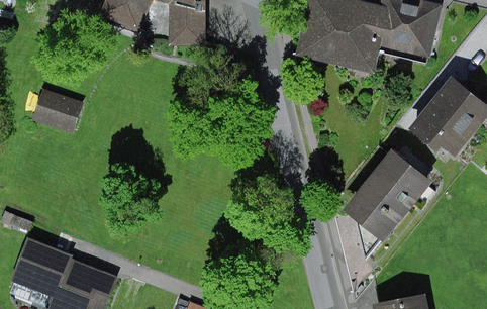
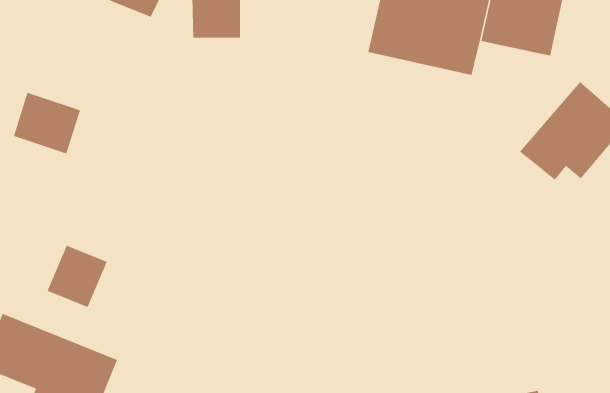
building: [348,160,422,236] -> none
building: none -> [47,245,108,308]

